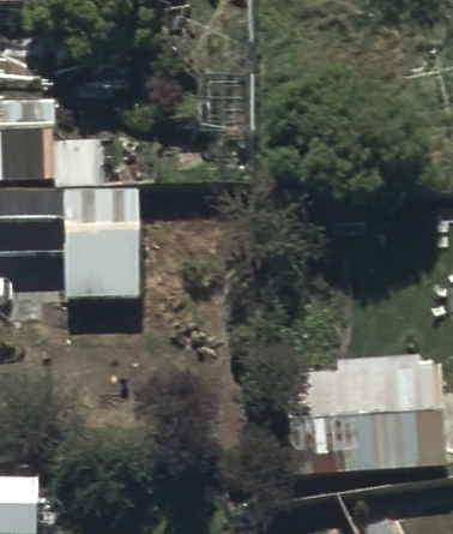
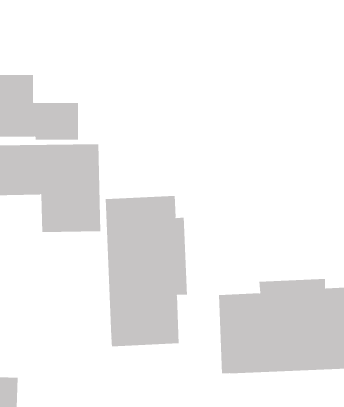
building: none -> [105,195,187,347]

